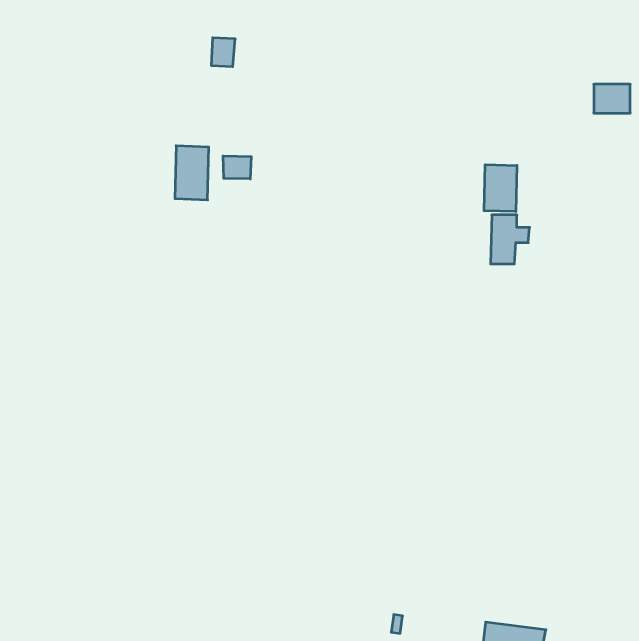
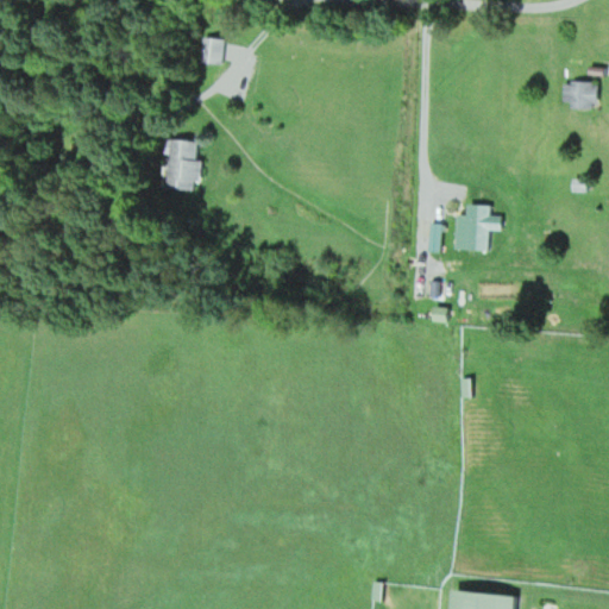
building: [223,156,251,179] -> none
building: [484,165,517,212] -> none

